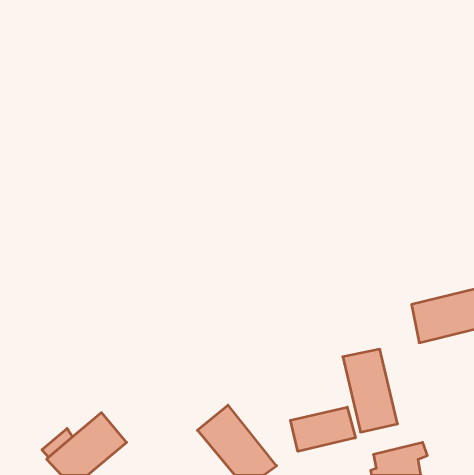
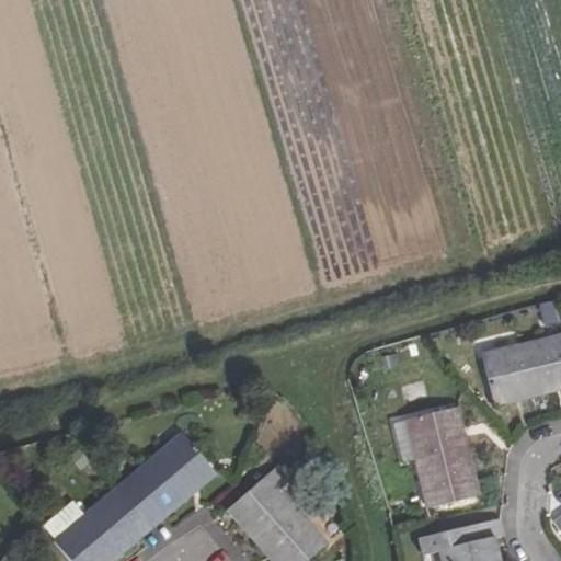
building: none -> [122,435,215,520]
building: [290,407,355,451] -> none

